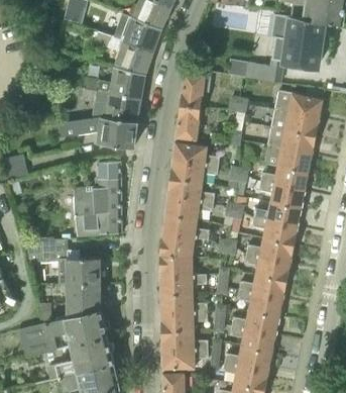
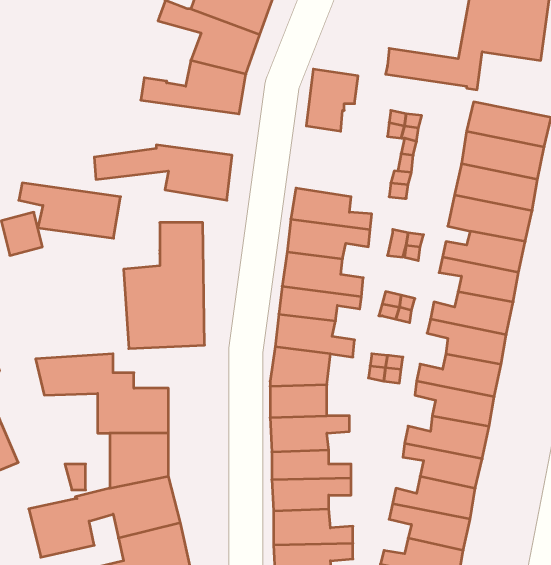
building: [82,90,141,122] -> [19,183,121,238]
building: [176,105,201,139] -> none

